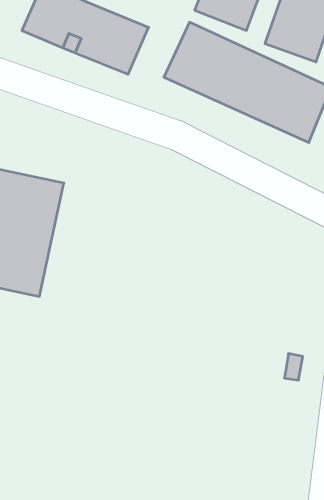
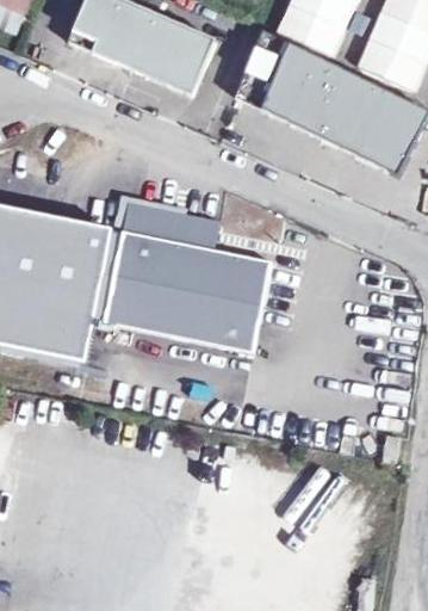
building: none -> [99,196,266,344]

